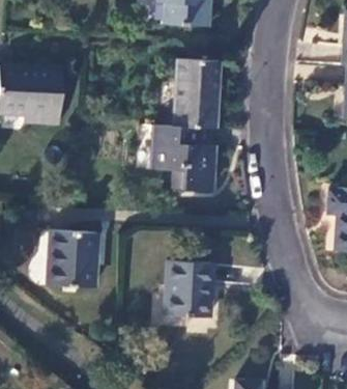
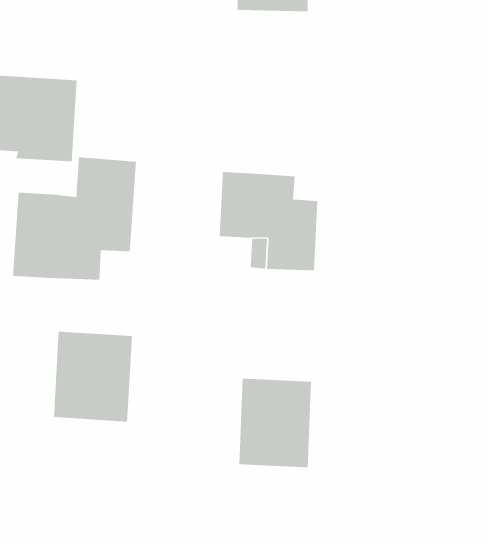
building: [174,59,220,132] -> none
building: none -> [13,156,136,280]

